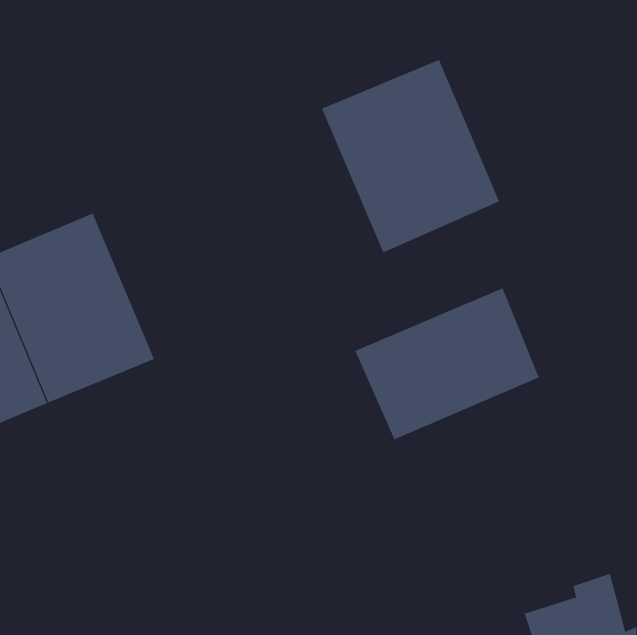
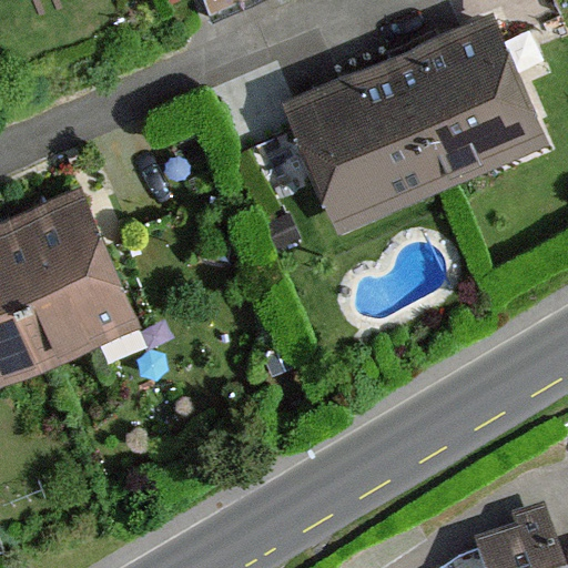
building: none -> [387,16,542,185]
building: [355,287,539,440] -> none

